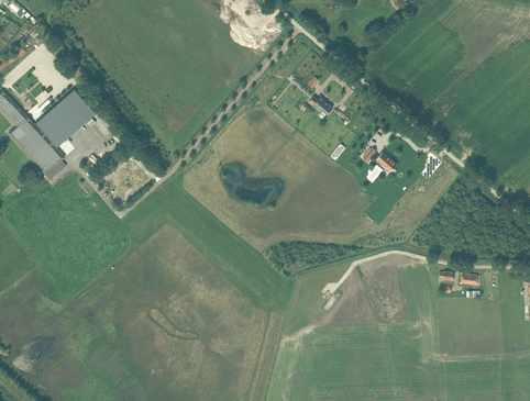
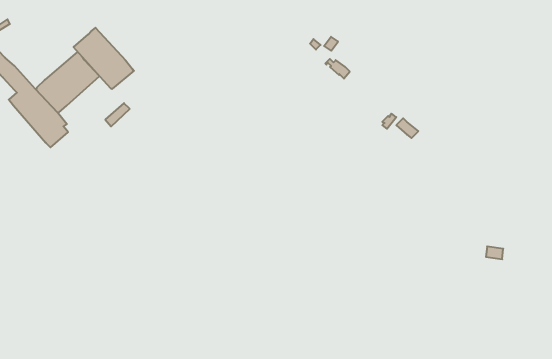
building: none -> [74,28,134,89]

